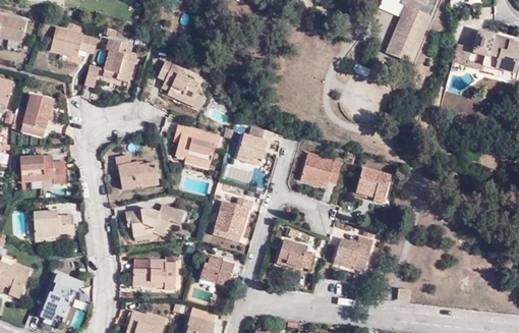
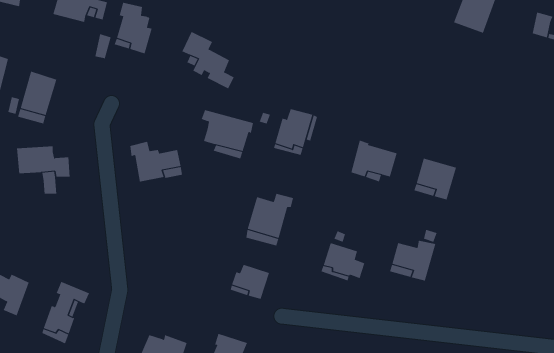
building: [125,203,184,235] -> none
building: [35,212,76,240] -> none
building: [134,259,177,290] -> none

